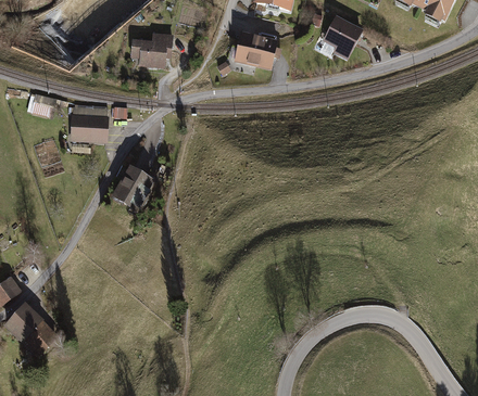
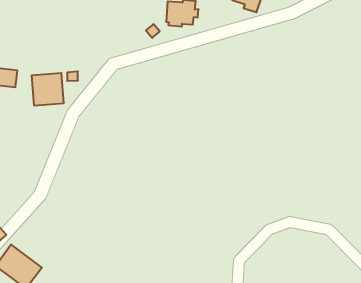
building: [133,34,171,64] -> none
building: [111,165,155,212] -> none

